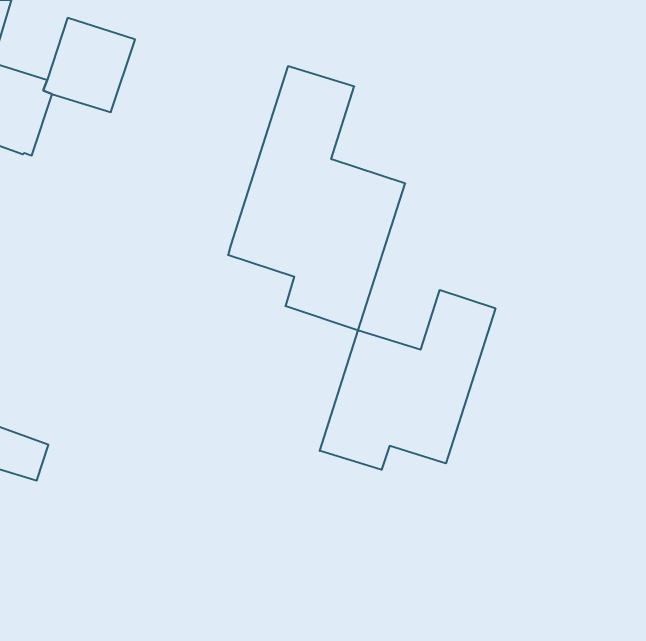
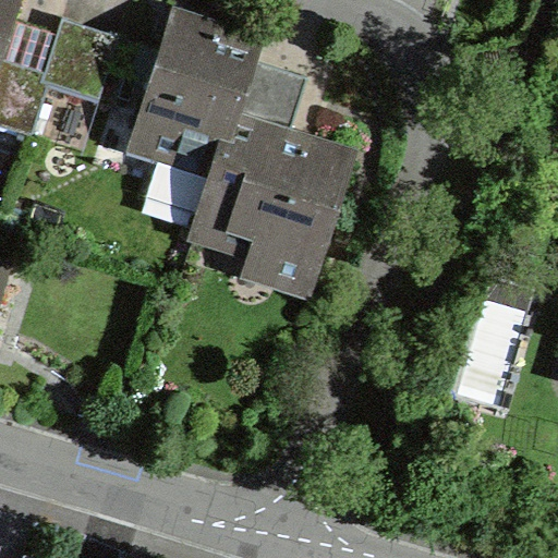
building: none -> [133,23,252,219]
building: [320,290,495,470] -> none

